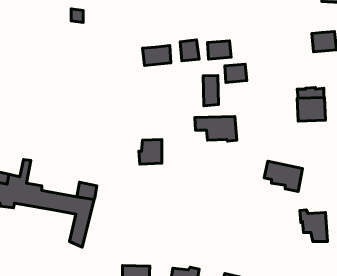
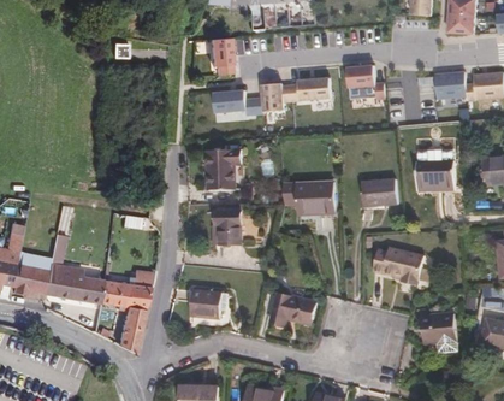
building: none -> [208,37,232,65]
building: [225,64,247,82] -> [348,76,376,100]
building: [203,76,218,106] -> none
building: none -> [204,148,239,187]
building: none -> [361,178,395,202]
building: none -> [190,291,226,317]
building: none -> [272,294,315,324]

